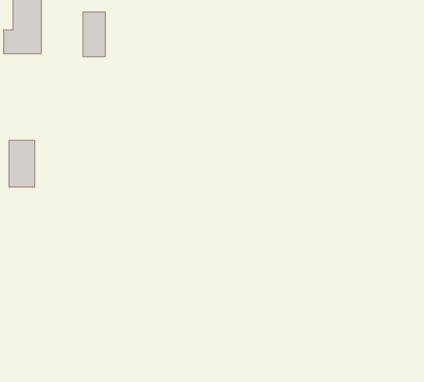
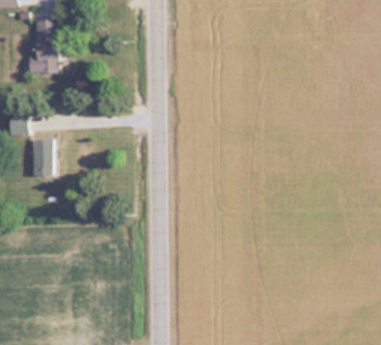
building: [83,12,105,57] -> none

